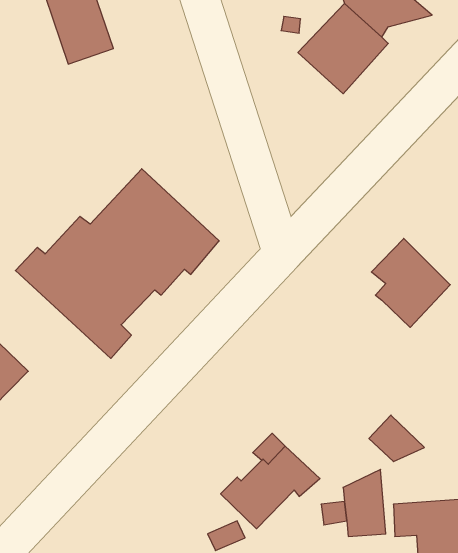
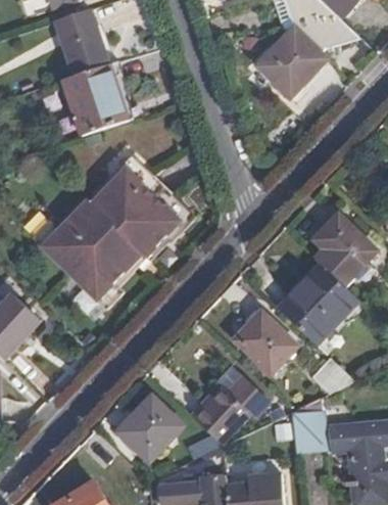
building: none -> [62,63,127,135]
building: none -> [278,263,356,341]
building: none -> [232,309,297,372]
building: none -> [119,396,182,456]

